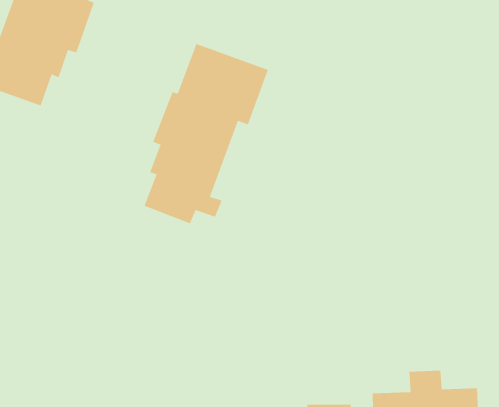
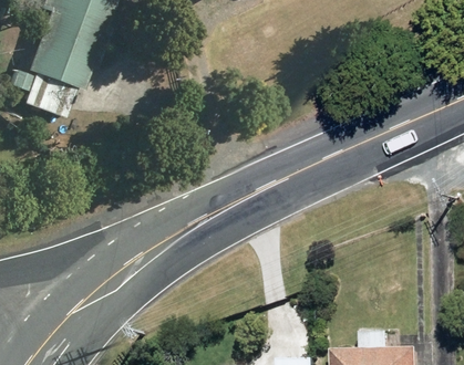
building: [144,43,268,224] -> none

